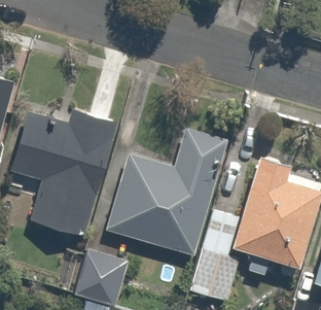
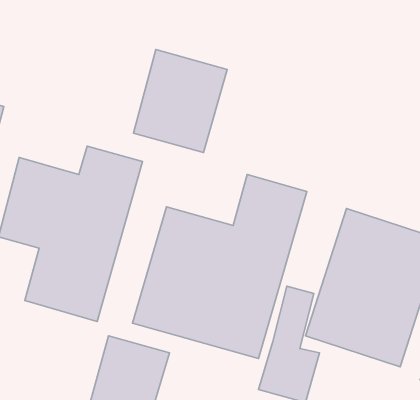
building: none -> [134,49,227,153]

